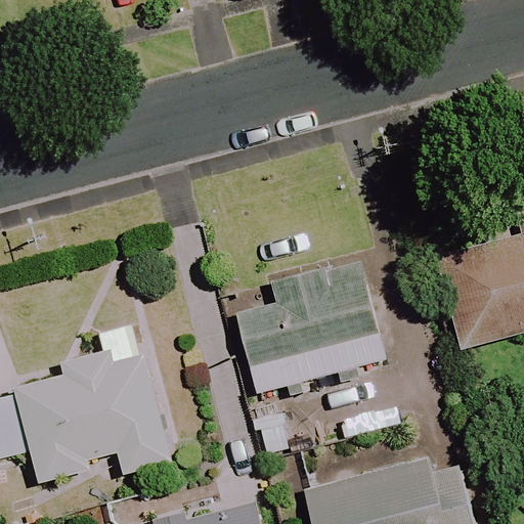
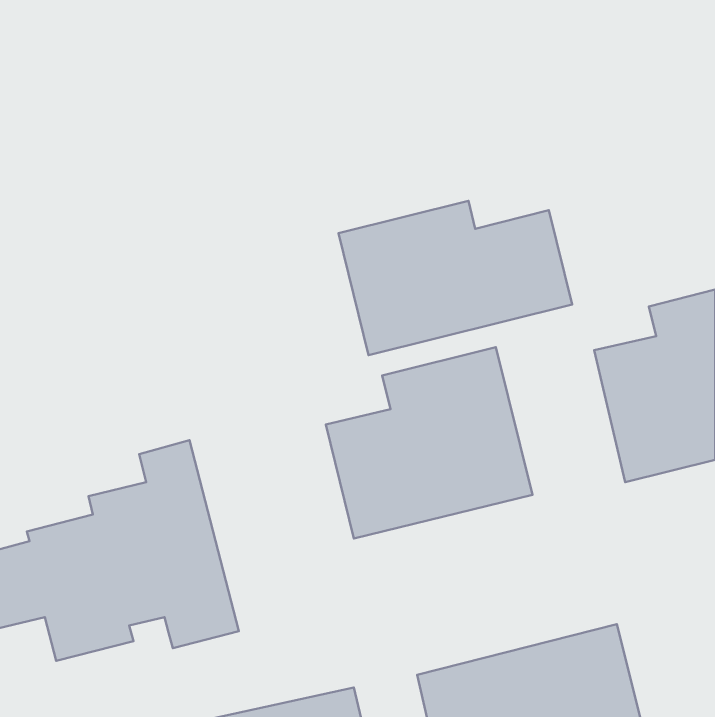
building: none -> [339,201,572,355]

